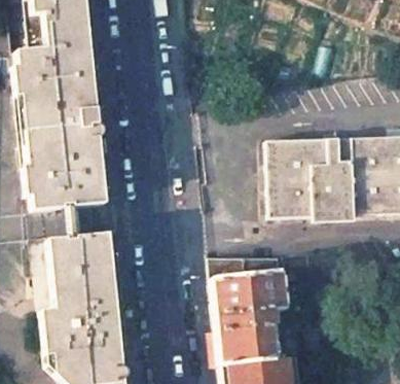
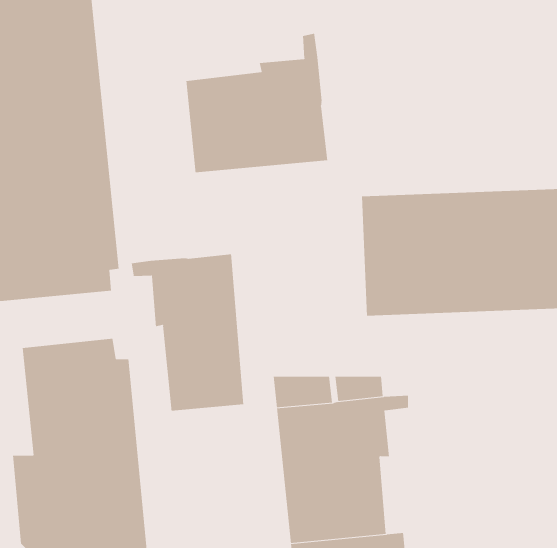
building: none -> [186,33,328,173]
building: none -> [131,254,244,411]

